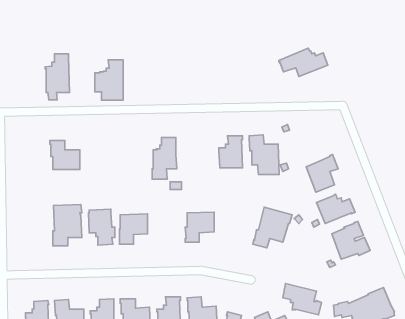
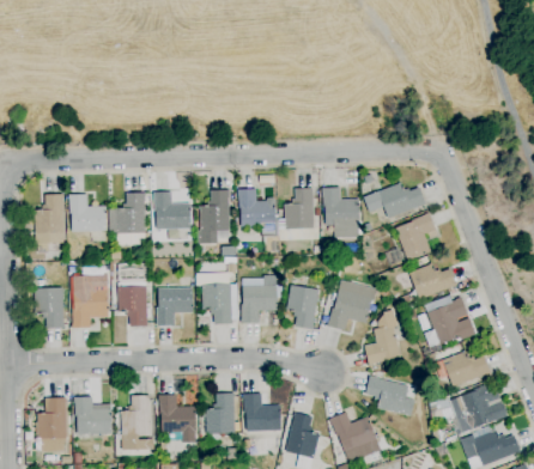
building: [279,48,328,76] -> [363,182,425,218]
building: [45,54,70,100] -> [34,194,65,252]
building: [95,60,123,100] -> [109,193,145,244]
building: none -> [237,189,275,237]
building: none -> [153,191,192,229]
building: none -> [196,273,233,324]
building: none -> [286,285,318,329]
building: none -> [34,287,65,328]
building: none -> [364,310,400,365]
building: none -> [442,349,491,386]

